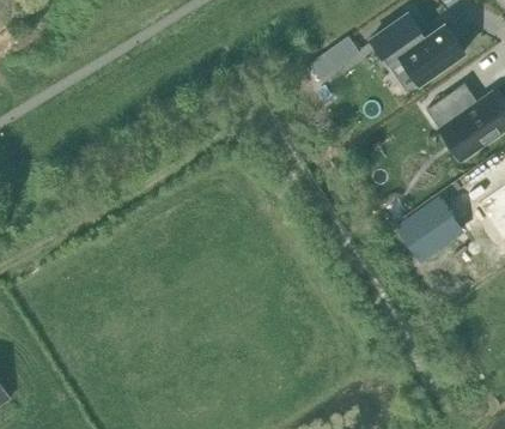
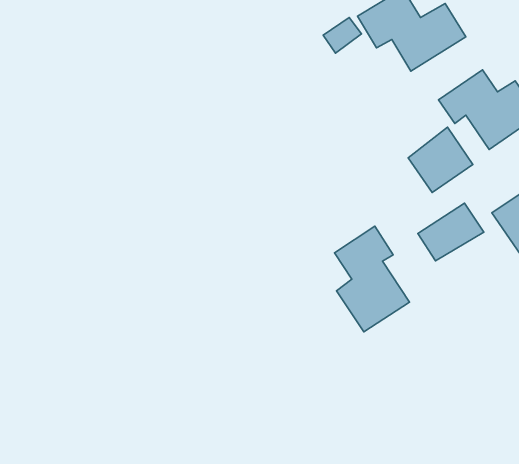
building: none -> [408,127,473,193]
building: none -> [335,226,409,332]

